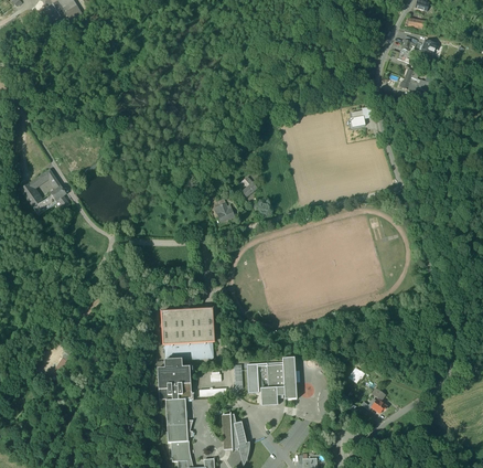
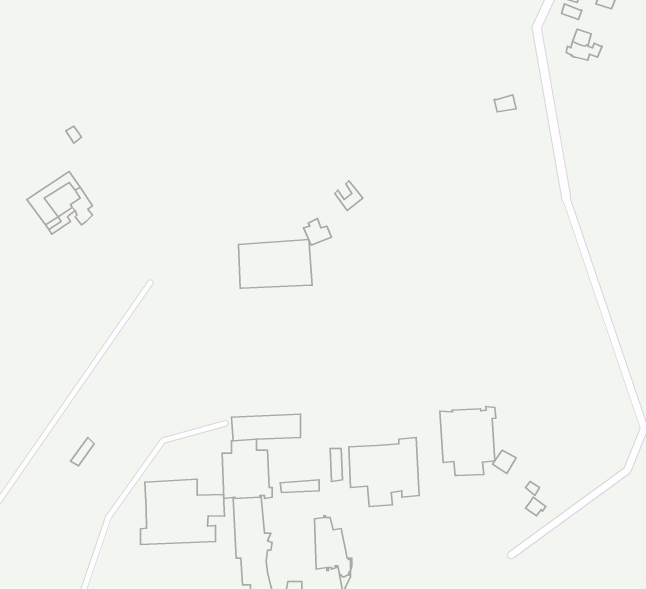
building: [162,308,214,342] -> [239,240,312,288]
building: none -> [440,407,496,476]
building: none -> [141,479,224,545]

